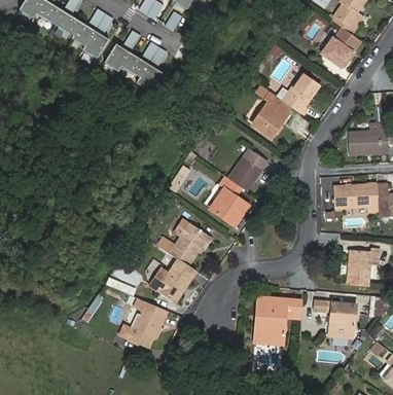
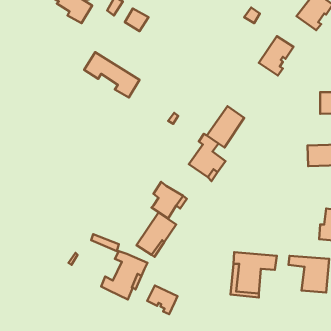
building: [105,43,163,91] -> [84,52,140,97]
building: [254,84,290,135] -> none
building: none -> [147,285,177,314]

